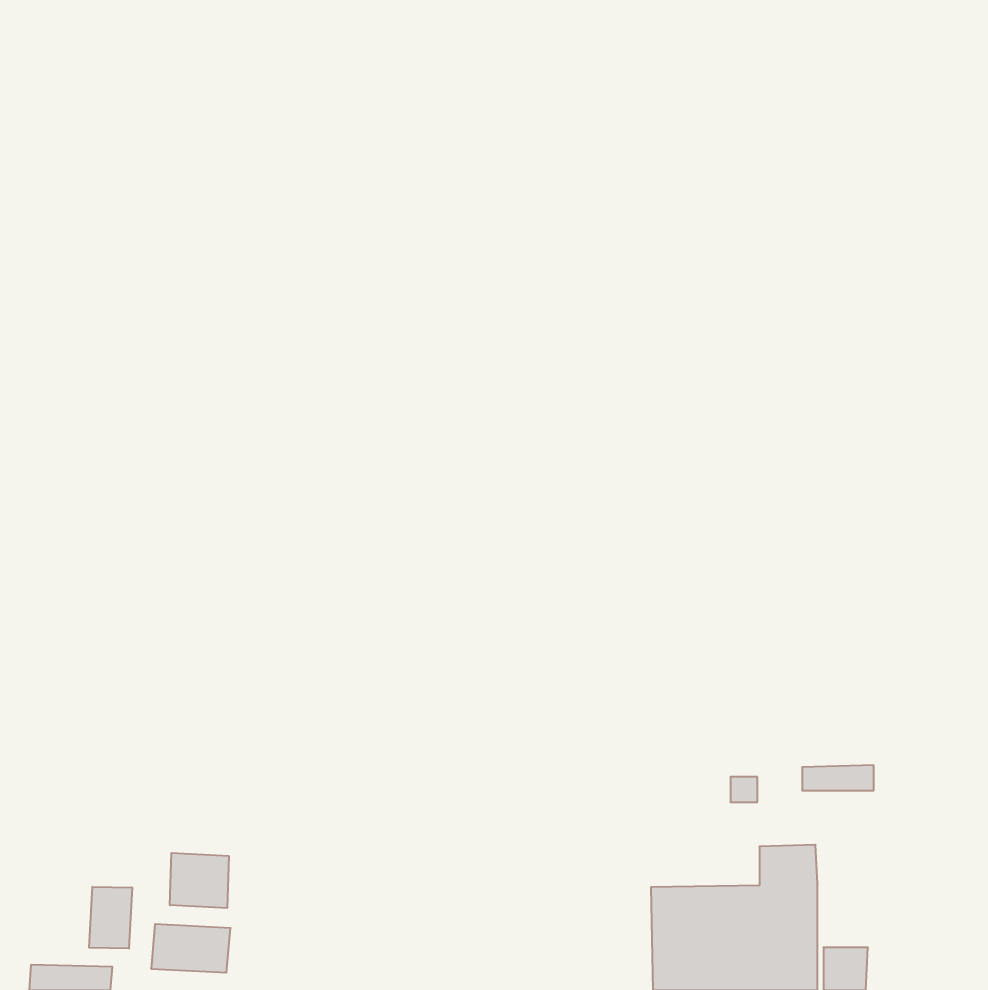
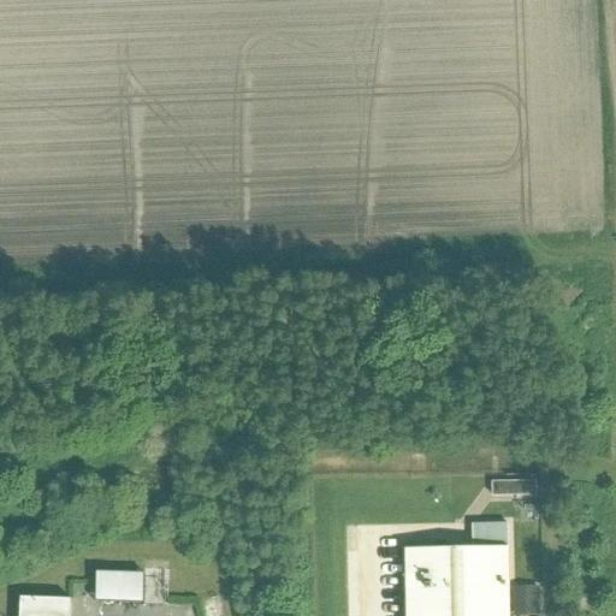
building: [170,853,229,908] -> none
building: [89,887,132,949] -> none

